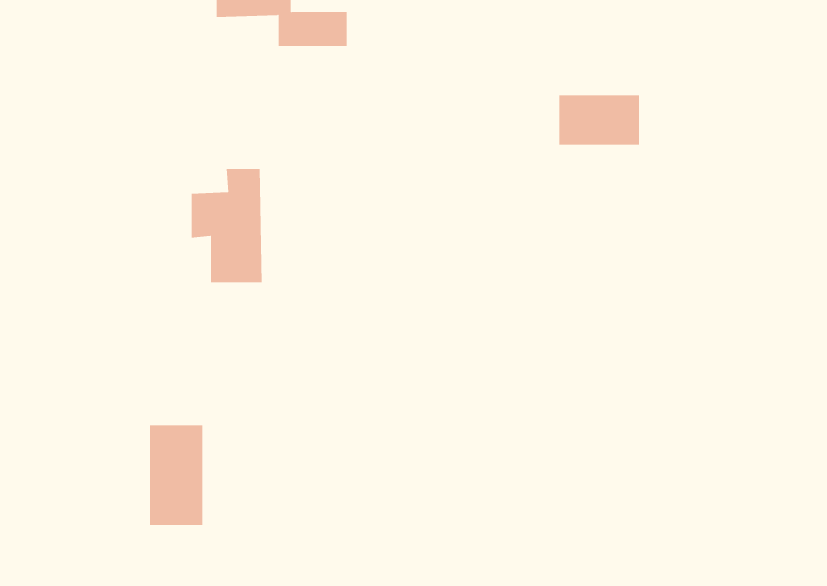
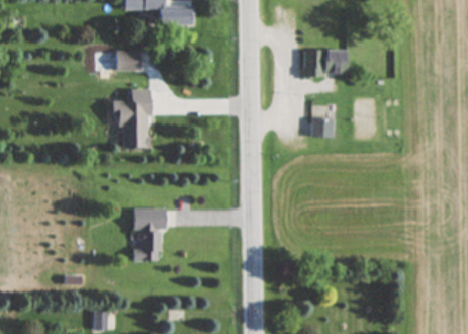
building: none -> [311,118,333,136]
building: [149,425,203,526] -> [133,207,162,260]

